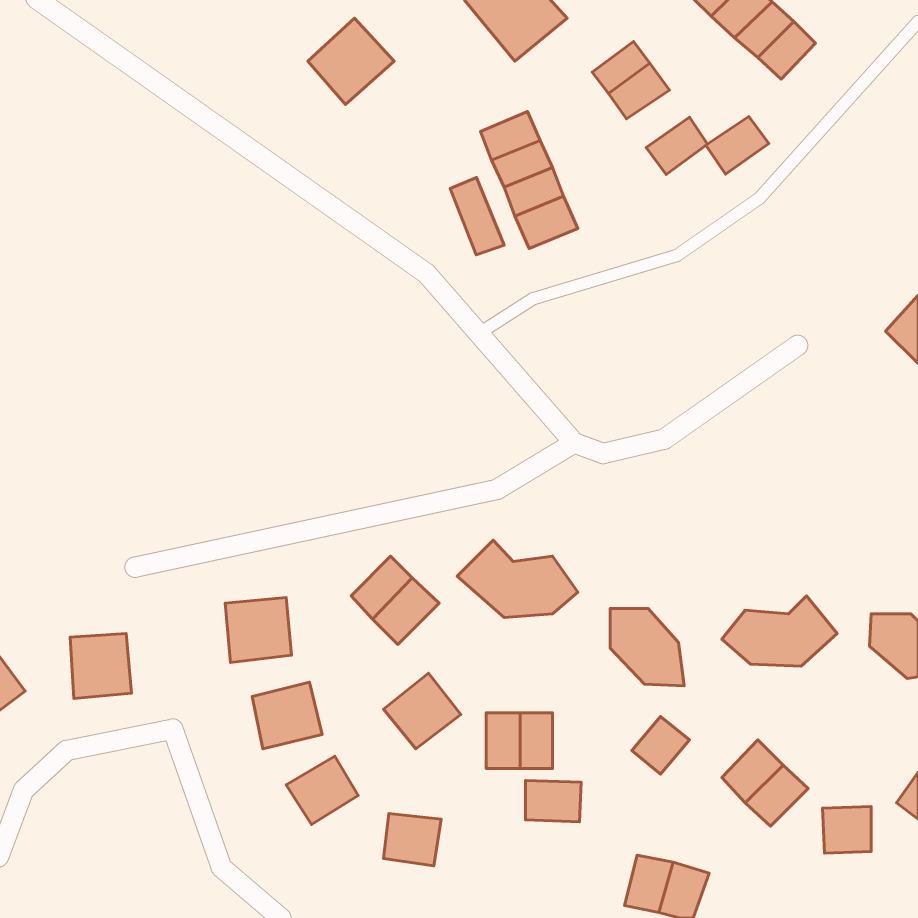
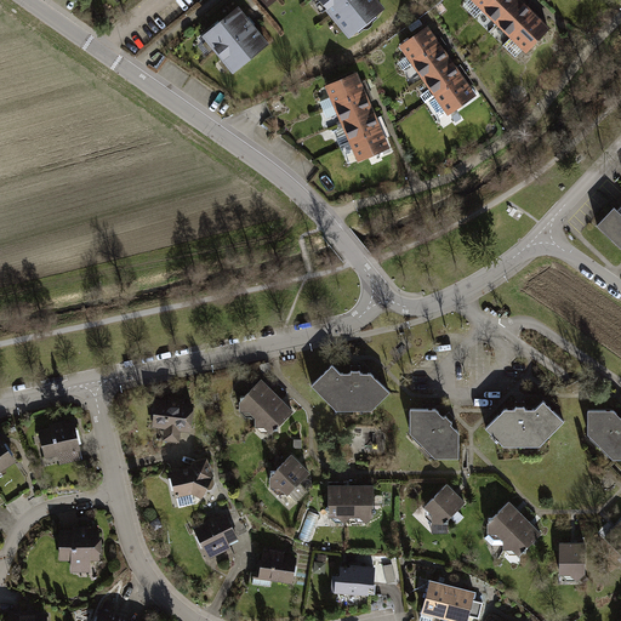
building: [706,116,769,174] -> [422,61,465,99]
building: [450,178,504,255] -> none
building: [525,780,581,822] -> [337,563,375,591]
building: none -> [53,532,102,570]

